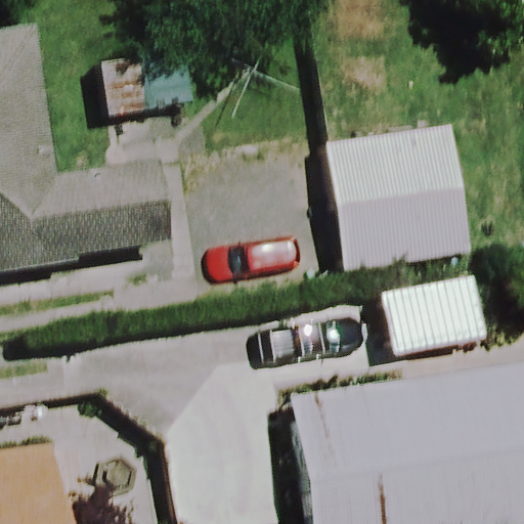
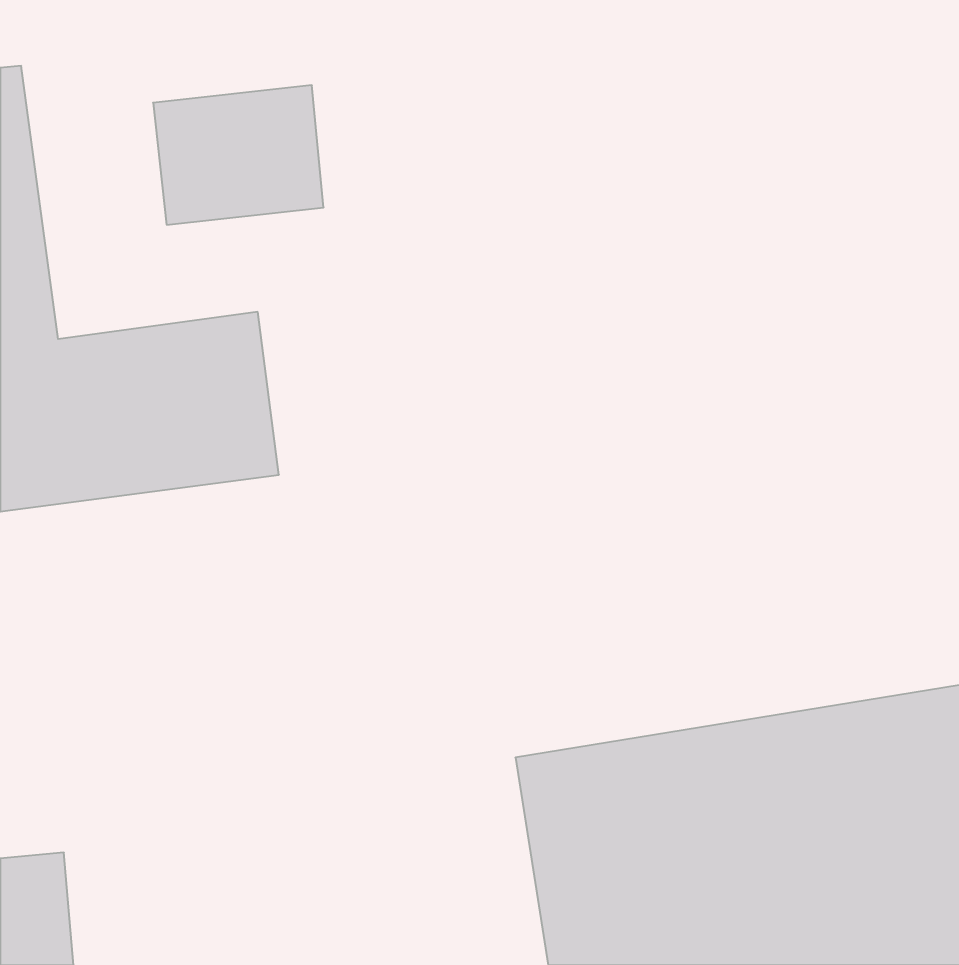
building: [328,127,465,267] -> none

